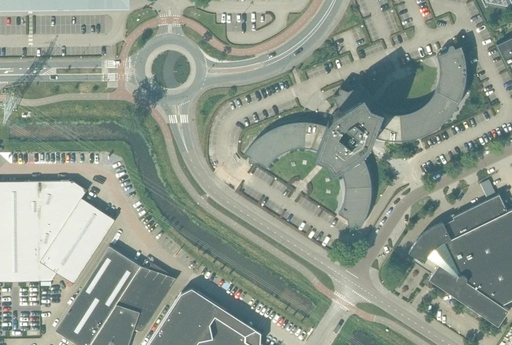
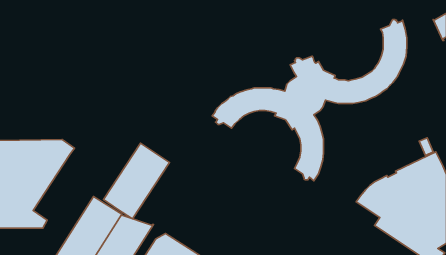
building: [40,198,115,284] -> [104,143,169,219]

